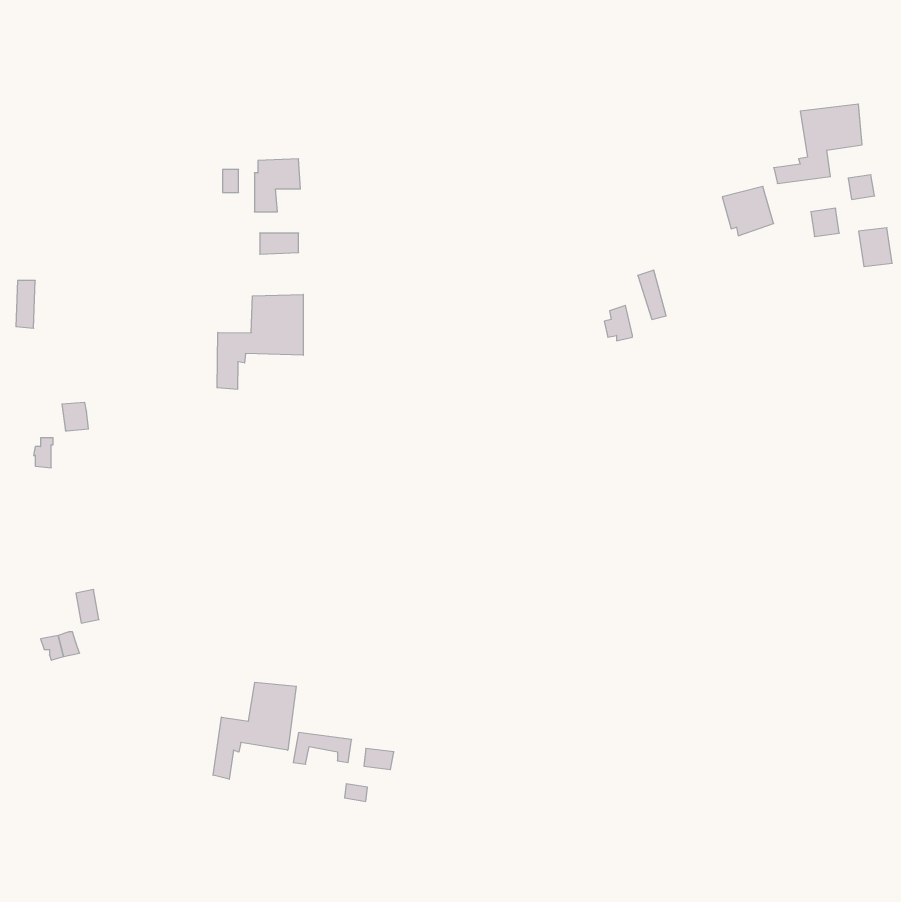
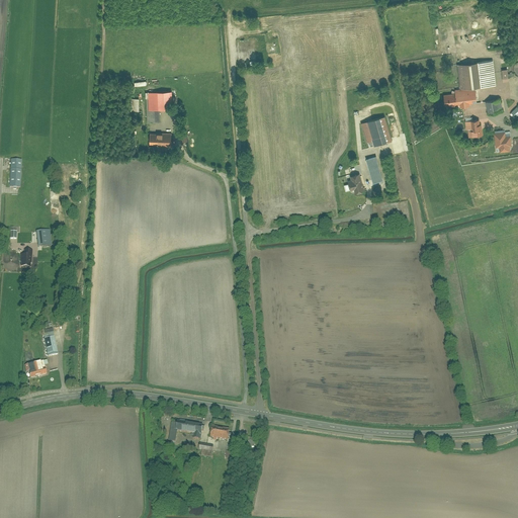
building: [722,186,774,236] -> [360,117,390,146]
building: [217,294,303,389] -> none
building: [213,682,296,779] -> none

